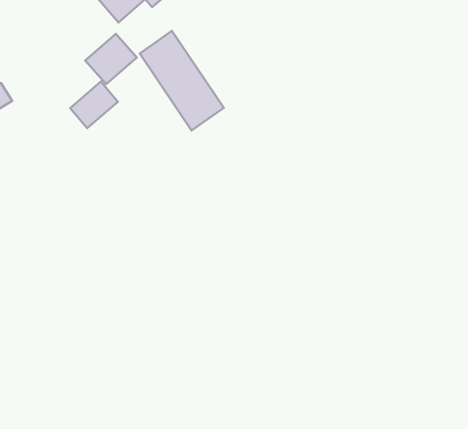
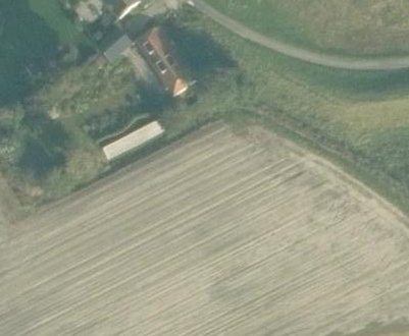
building: [70,82,118,128] -> none

